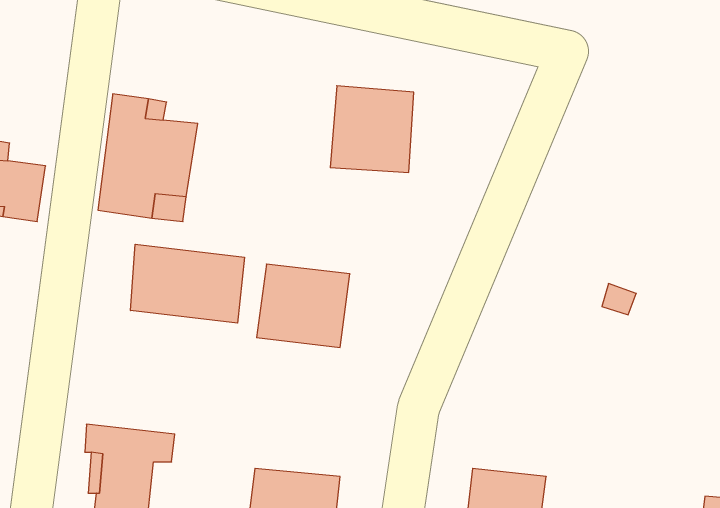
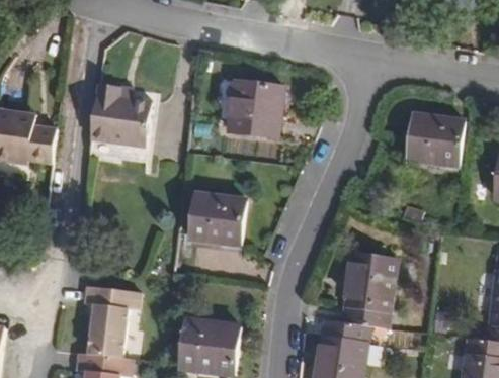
building: none -> [410,107,467,160]
building: [131,244,244,323] -> none
building: none -> [339,250,394,326]

